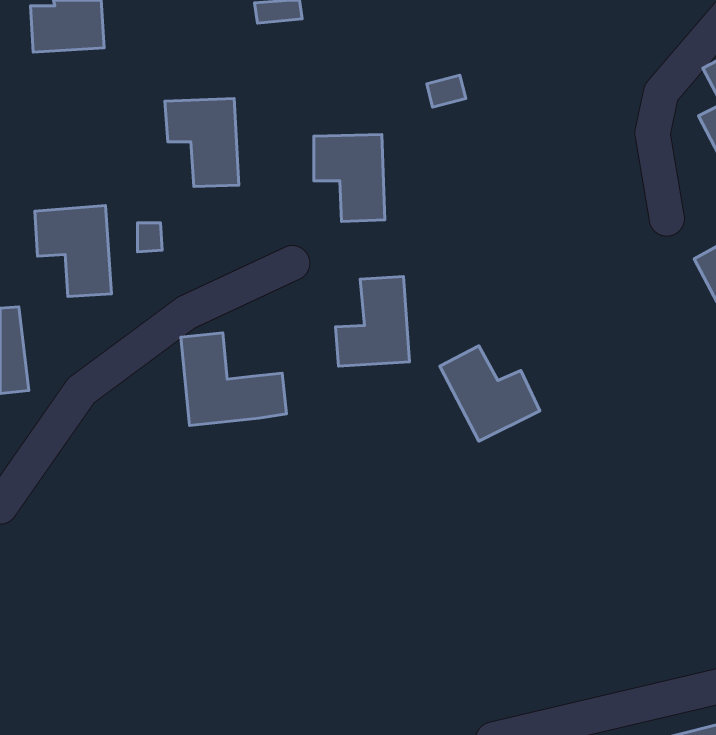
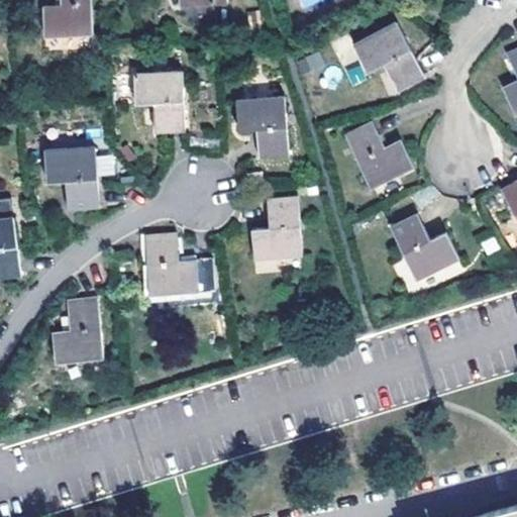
building: none -> [352,16,426,83]
building: none -> [343,121,413,186]
building: [440,346,540,441] -> [391,213,460,280]
building: none -> [49,300,100,367]

